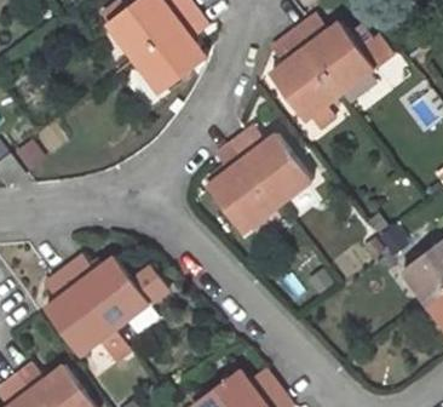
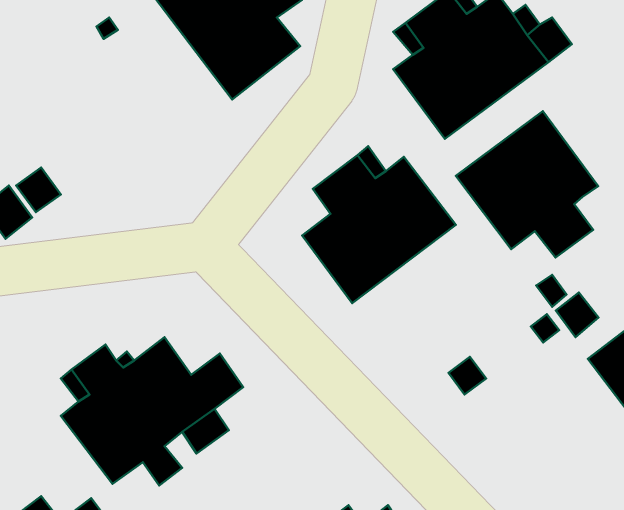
building: none -> [456,111,598,258]

